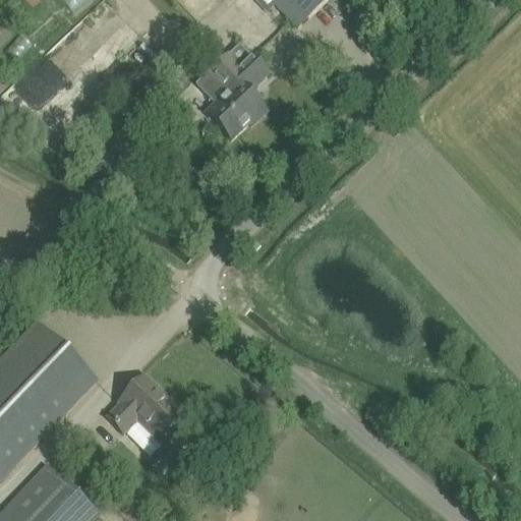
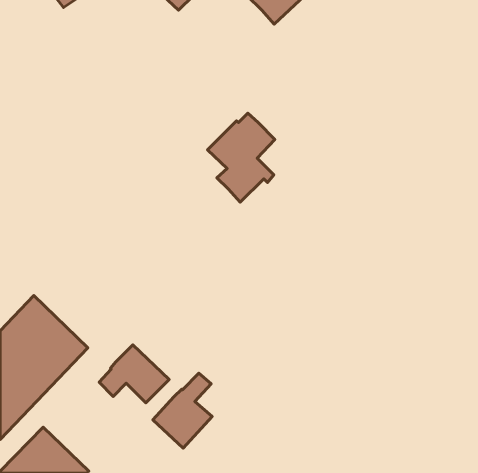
building: [195,43,269,139] -> [208,113,275,202]
building: none -> [153,373,212,448]

